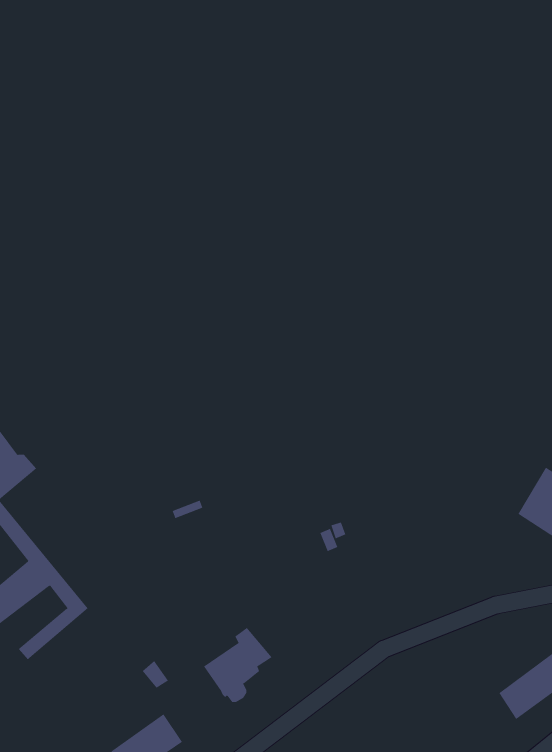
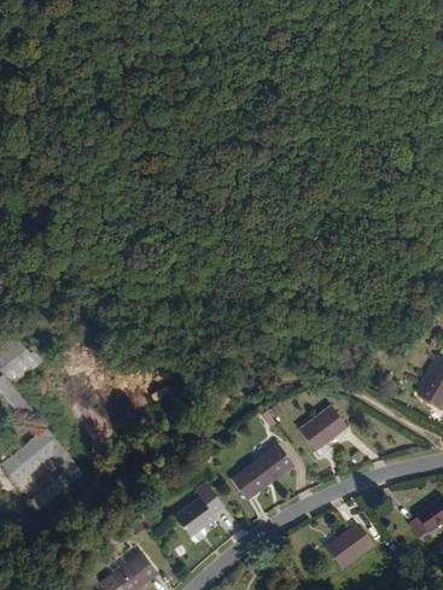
building: none -> [296,408,345,451]
building: none -> [231,443,290,497]
building: none -> [322,530,369,573]

